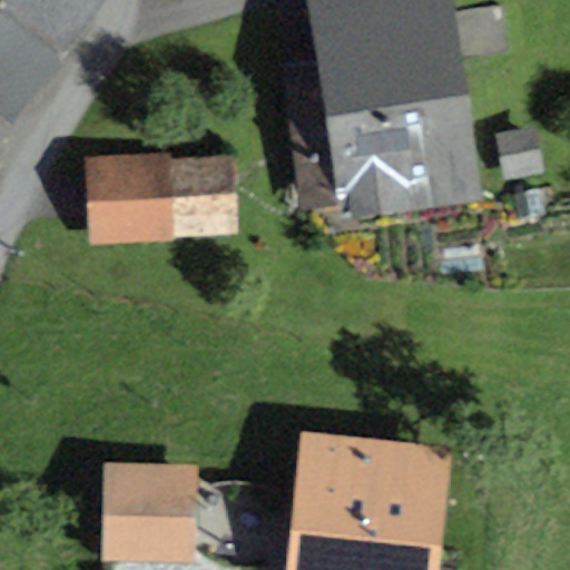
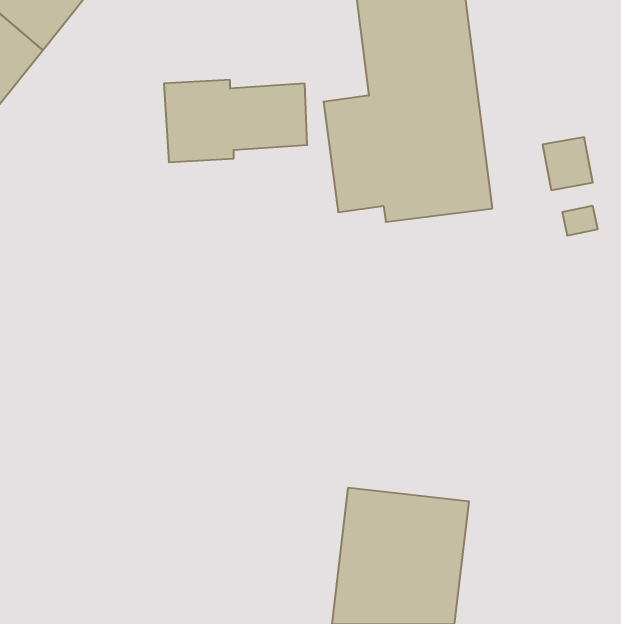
building: [95,160,225,235] -> [164,80,307,162]
building: [107,472,184,550] -> none

